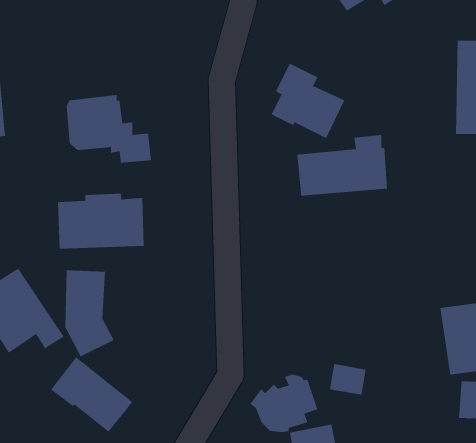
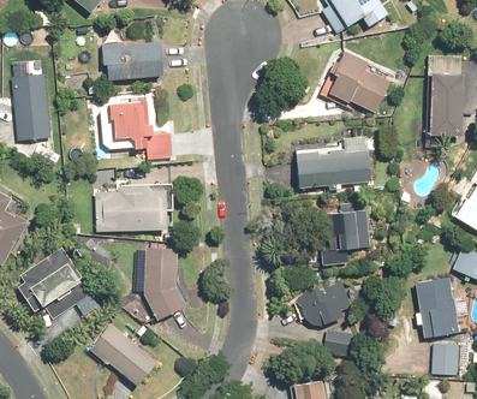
building: none -> [100,41,162,81]
building: [271,63,345,139] -> [328,49,390,113]
building: none -> [320,202,370,264]
building: [64,270,115,357] -> [143,246,185,320]
building: [249,374,318,433] -> [294,276,352,326]

